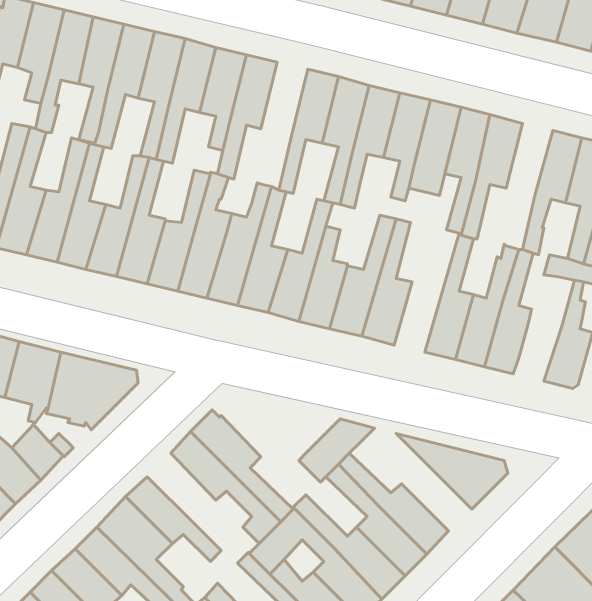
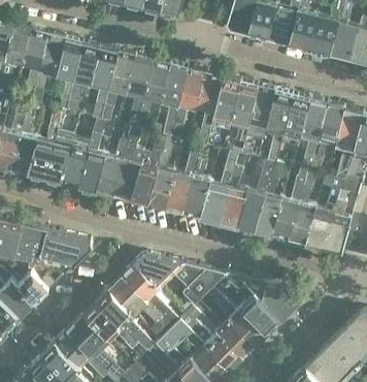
building: none -> [160,65,187,138]
building: none -> [300,100,327,172]
building: none -> [236,161,273,231]
building: none -> [304,188,339,248]
building: none -> [132,255,205,291]
building: none -> [216,275,280,333]
building: none -> [95,289,154,353]

